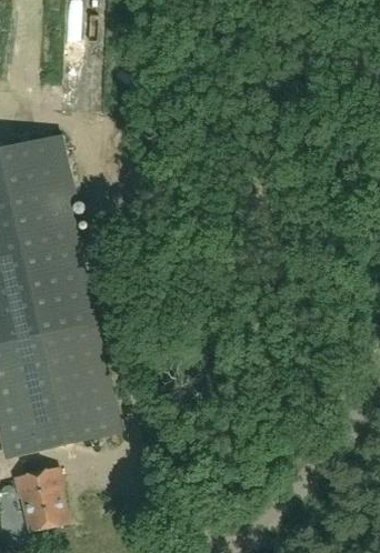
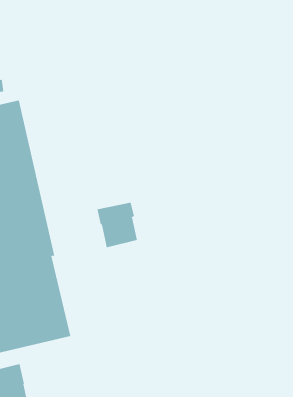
building: none -> [97,202,138,248]

